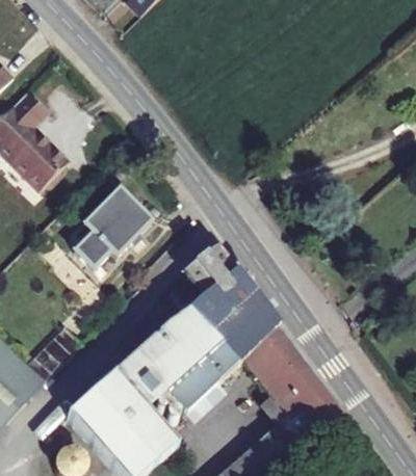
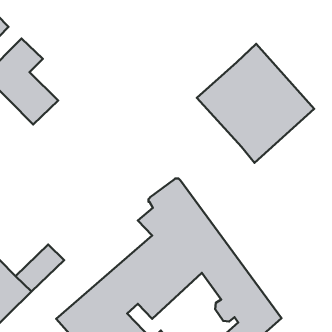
building: none -> [197,44,314,163]
building: [64,188,146,268] -> none

